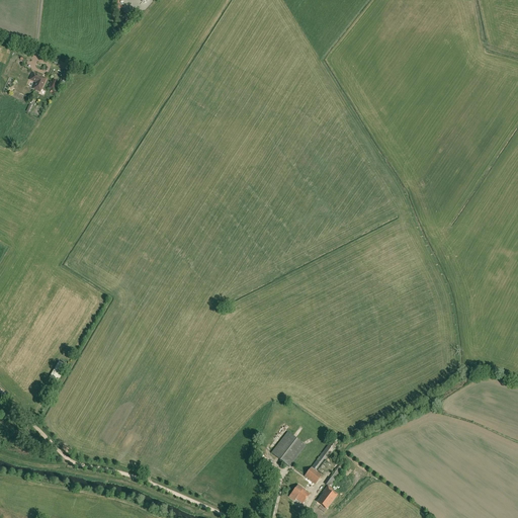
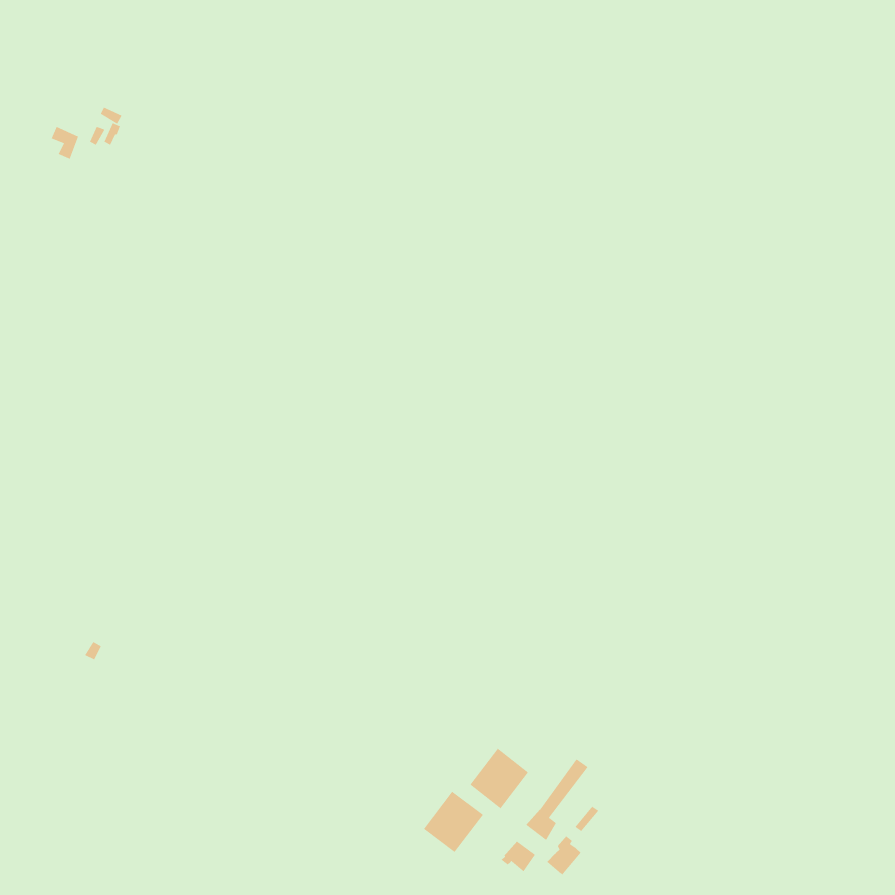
building: none -> [423,791,484,853]

